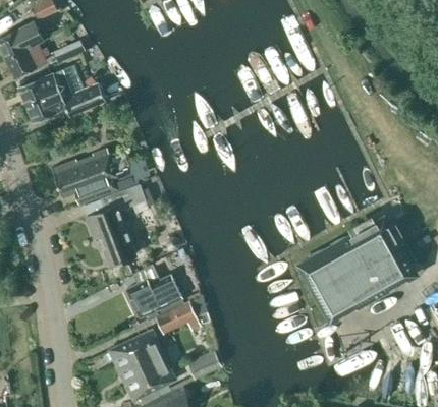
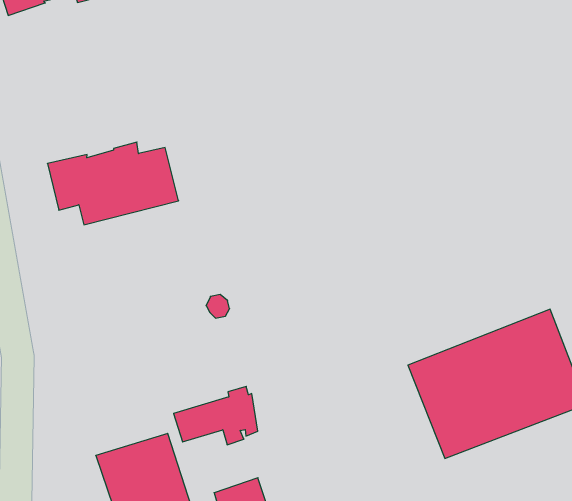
building: [18,73,106,121] -> none
building: [87,185,145,265] -> none
building: [126,265,182,319] -> none

